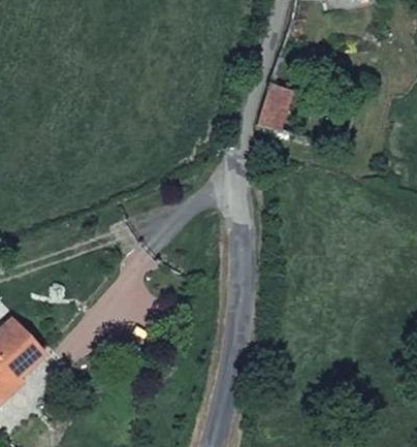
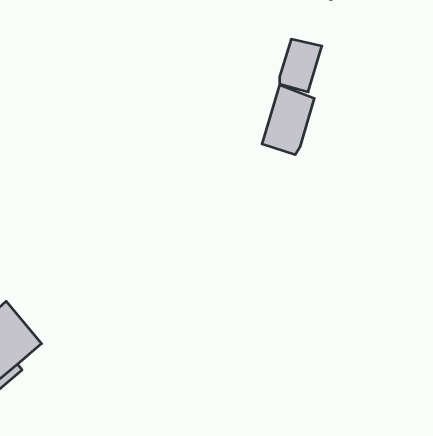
building: none -> [262,85,314,155]

